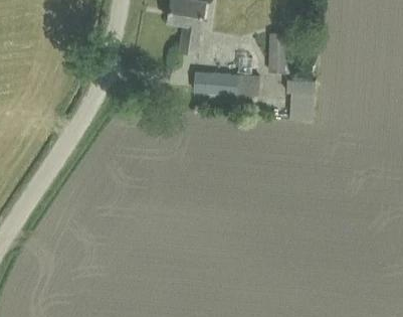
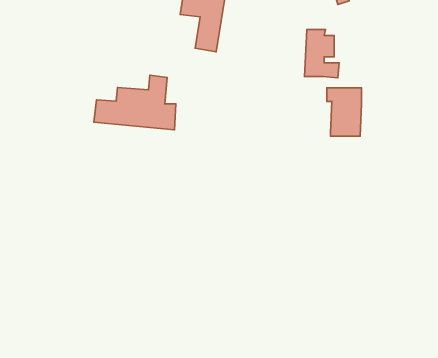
building: [193,52,259,97] -> [94,75,176,130]

